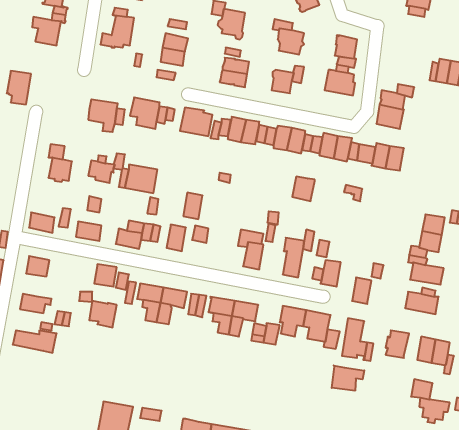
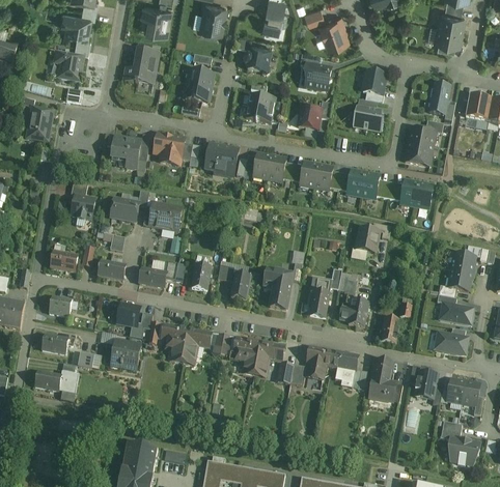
building: none -> [428,83,449,115]
building: [292,177,315,201] -> [356,228,379,253]
building: [183,193,203,219] -> [230,273,250,299]
building: [332,365,364,391] -> none

